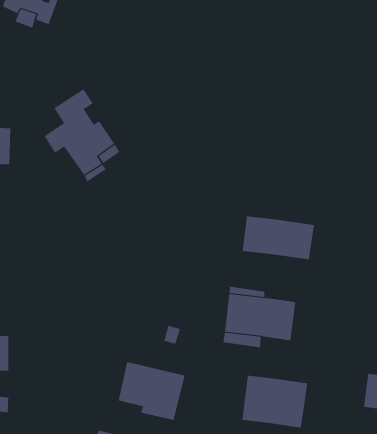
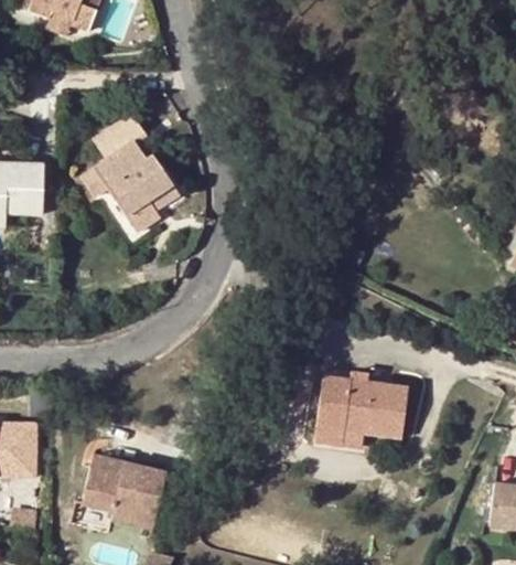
building: [242,215,315,260] -> none
building: [118,361,186,421] -> [83,454,169,529]
building: [242,375,308,428] -> none

